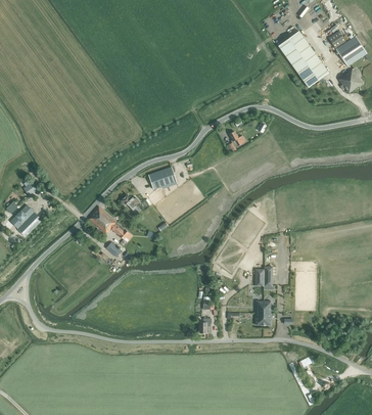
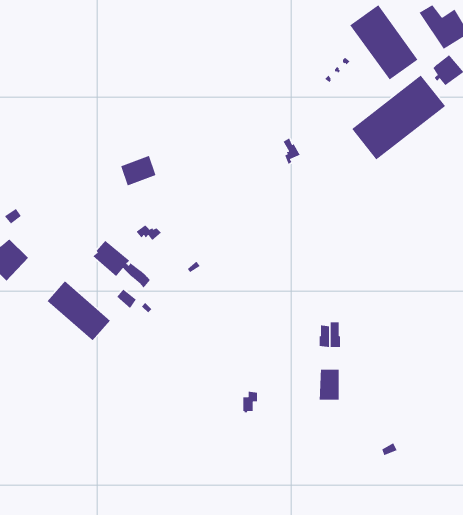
building: none -> [351,75,446,160]
building: [149,166,176,189] -> [120,155,156,187]
building: none -> [47,280,111,341]

